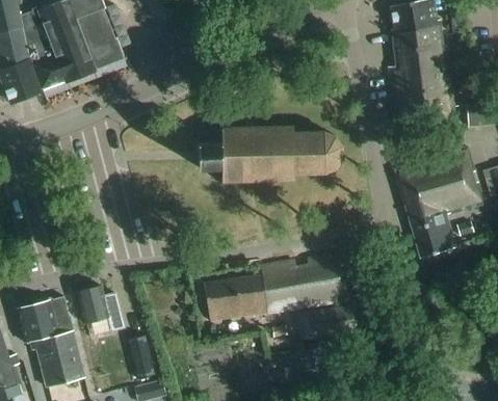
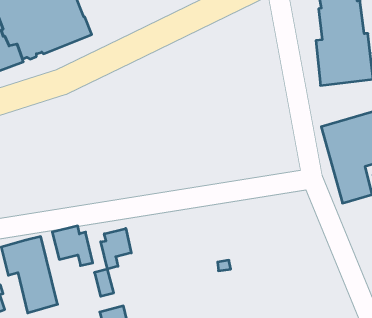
building: [199,124,343,181] -> none
building: [204,256,361,341] -> none
building: none -> [101,228,131,269]

